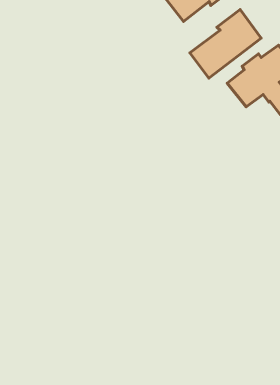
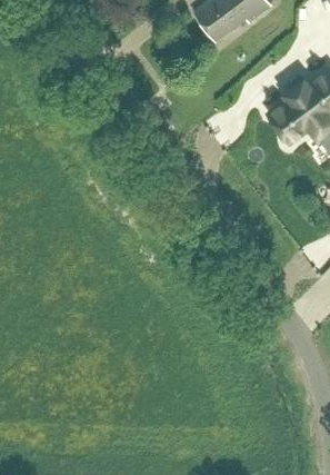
building: [190,9,261,78] -> none

